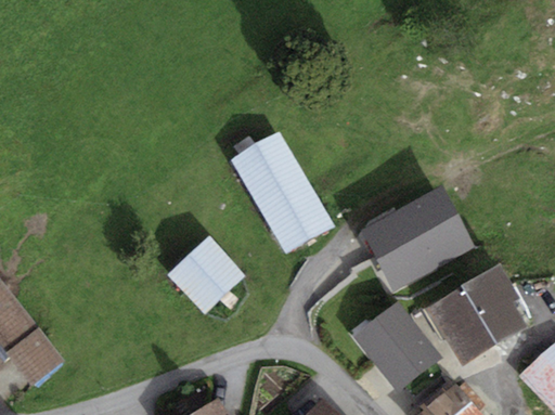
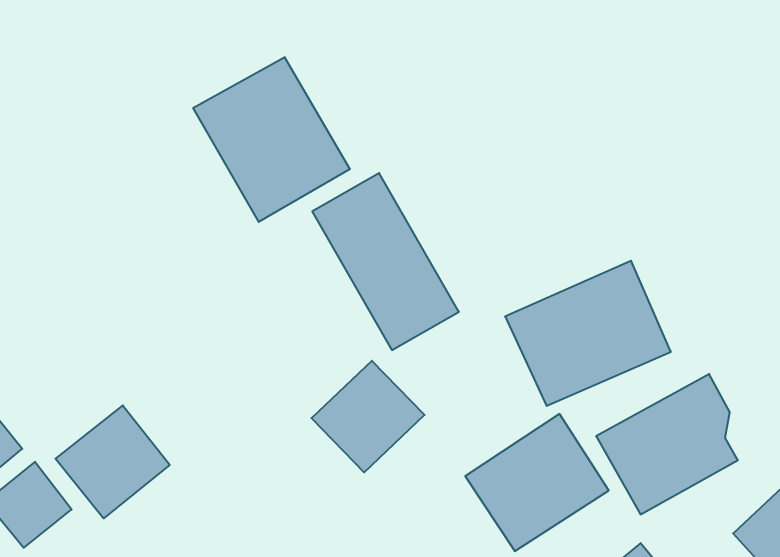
building: none -> [193,57,350,222]
building: [169,236,246,312] -> [311,361,425,472]
building: none -> [55,405,170,518]

